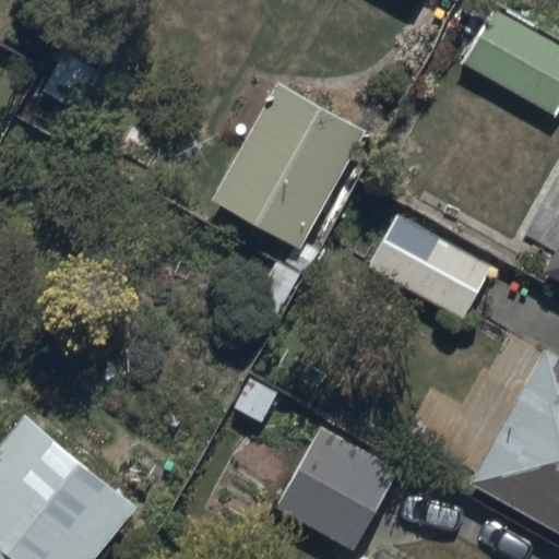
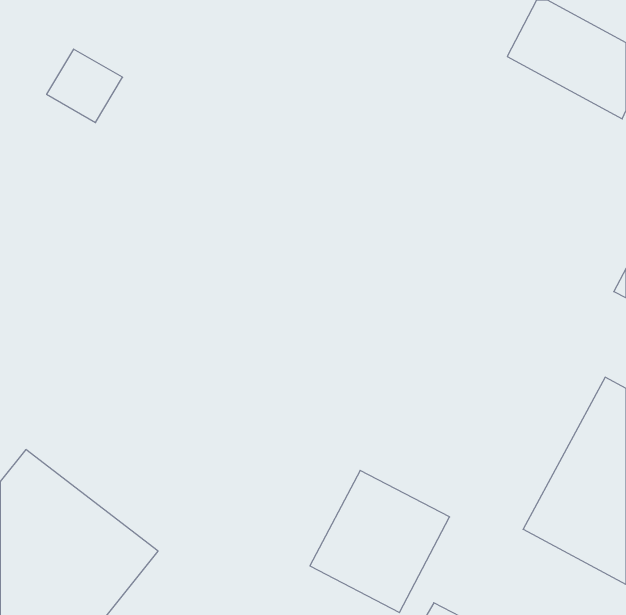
building: [217,82,368,247] -> none
building: [371,214,496,322] -> none

